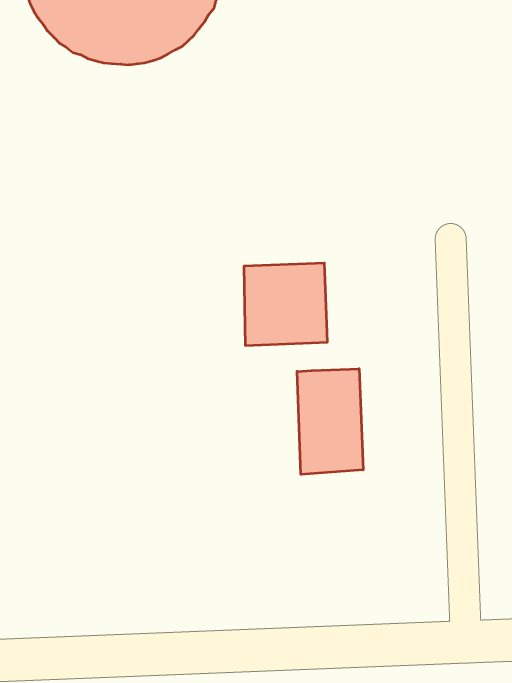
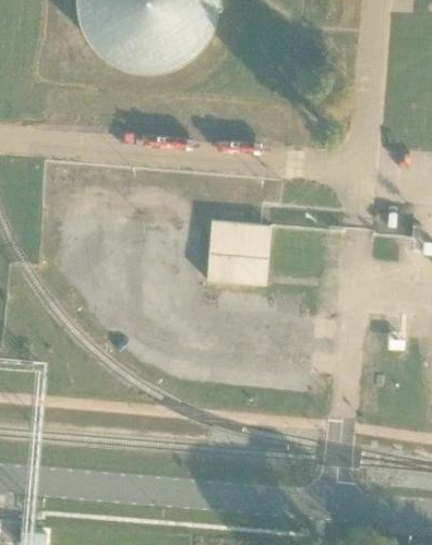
building: [297,369,363,474] -> none

